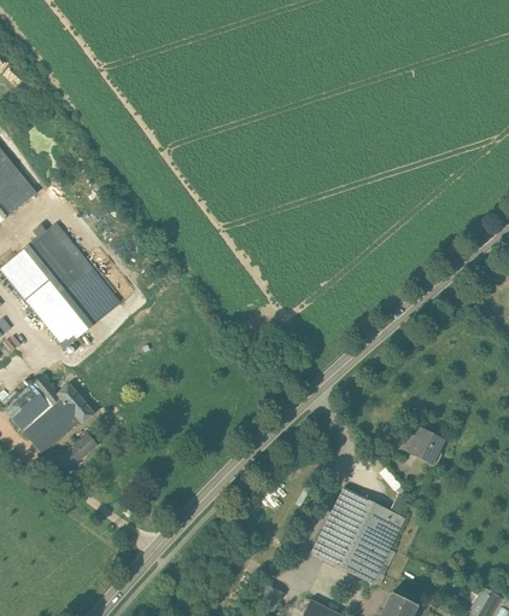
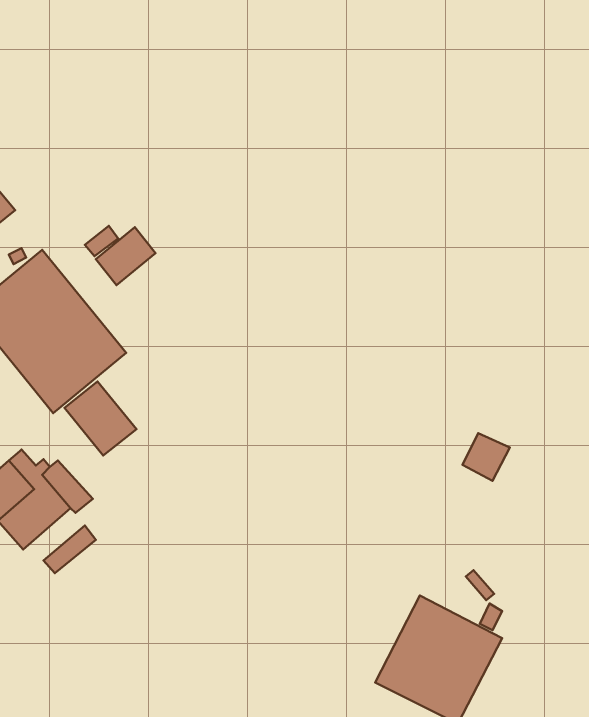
building: none -> [96,227,156,285]
building: none -> [64,382,136,455]
building: [409,428,445,464] -> [462,433,510,481]

